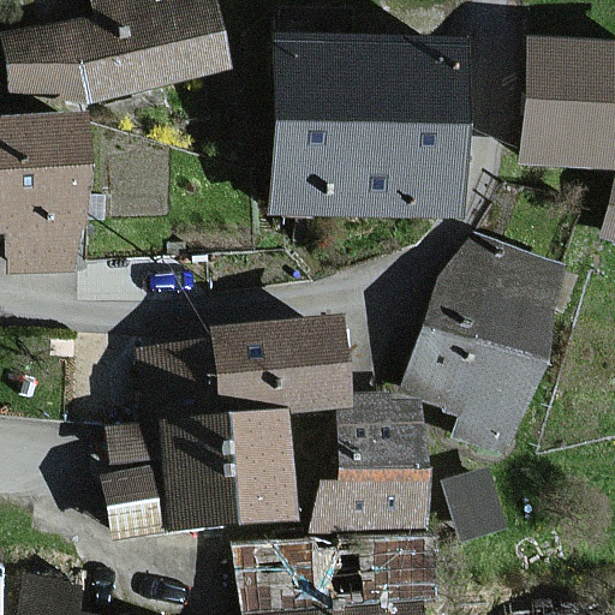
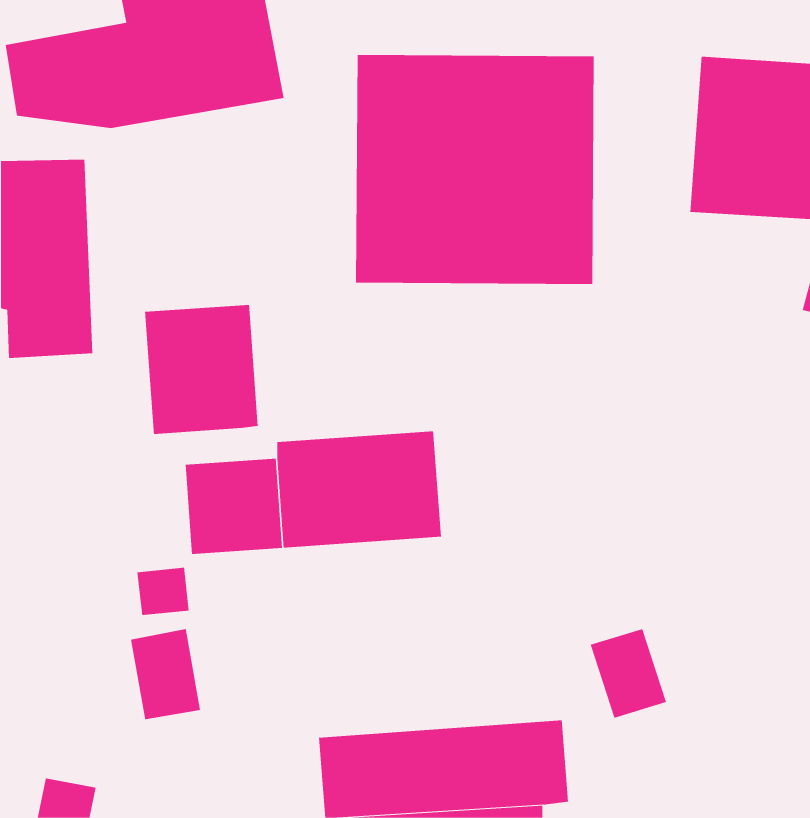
building: none -> [145,304,258,435]
building: [407,235,566,448] -> none
building: [324,395,419,529] -> none
building: [166,414,292,529] -> none

